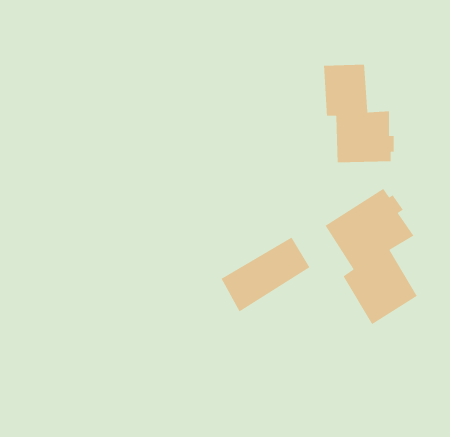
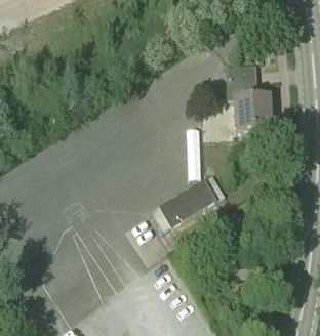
building: [324,188,418,325] -> none

